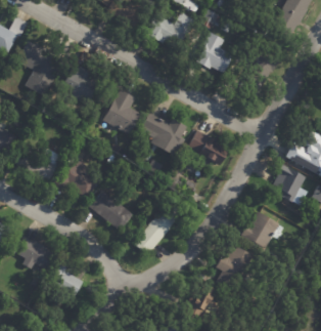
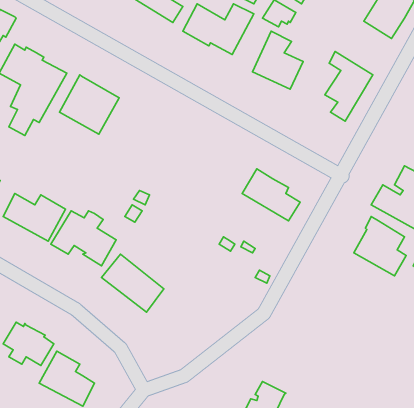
building: [103,87,141,132] -> none
building: [141,114,188,157] -> none
building: [134,200,181,254] -> none
building: [243,208,281,247] -> none
building: [216,243,256,292] -> none

